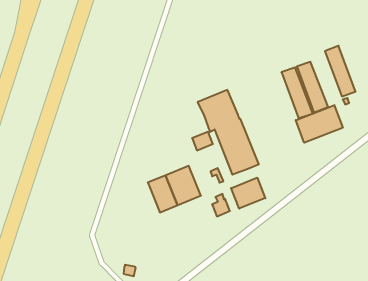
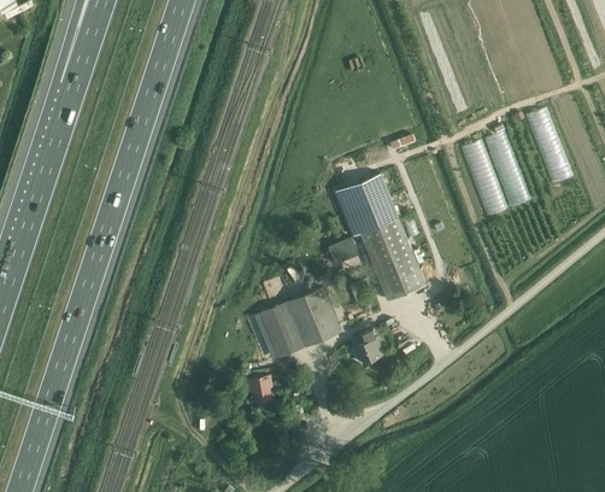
building: [296,105,343,143] -> none
building: [231,178,265,209] -> none
building: none -> [247,376,276,403]

